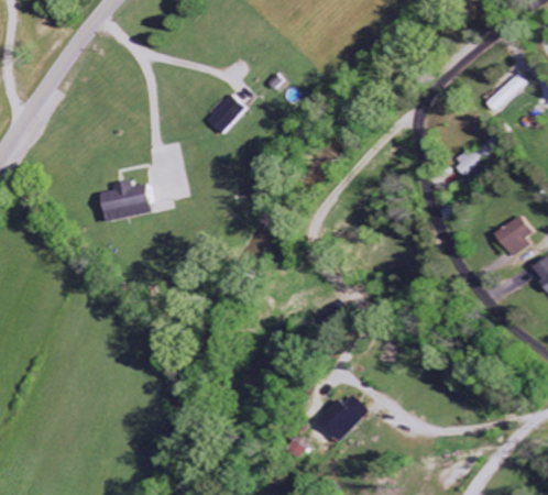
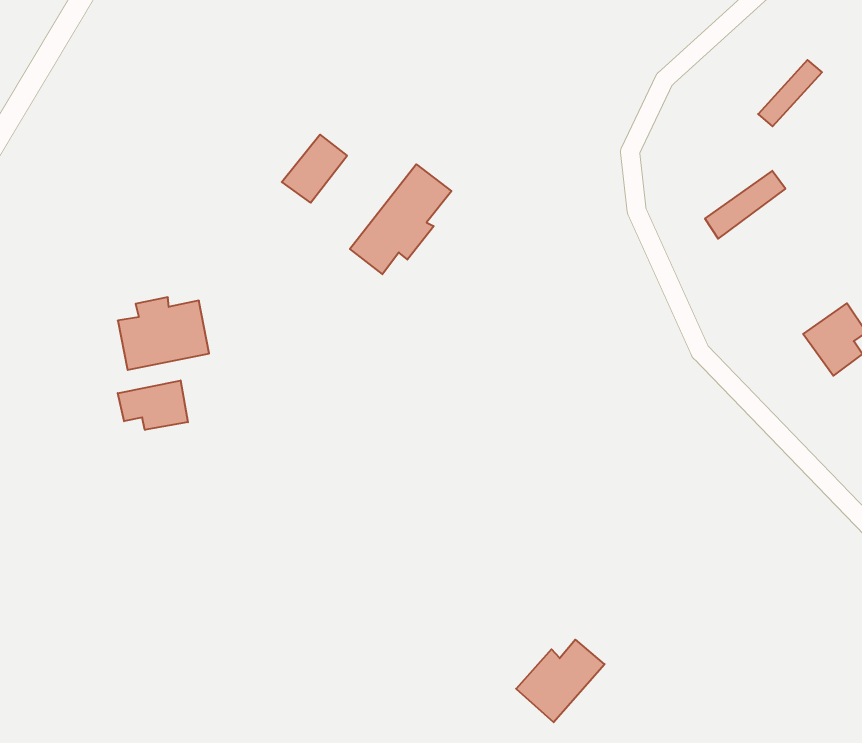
building: none -> [350,164,451,274]
building: none -> [118,380,188,430]

